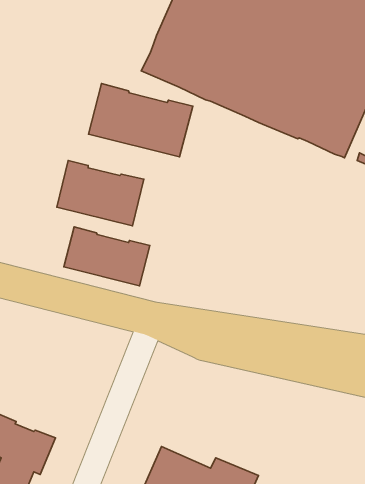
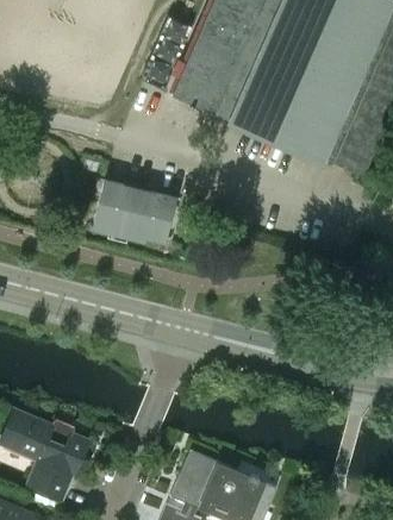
building: [88,83,193,157] -> none
building: [64,227,150,286] -> none

